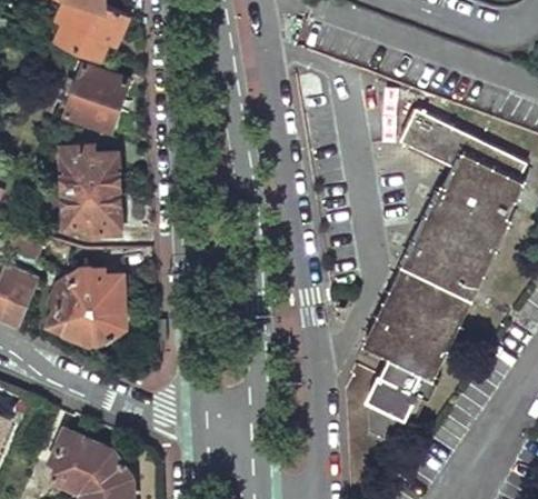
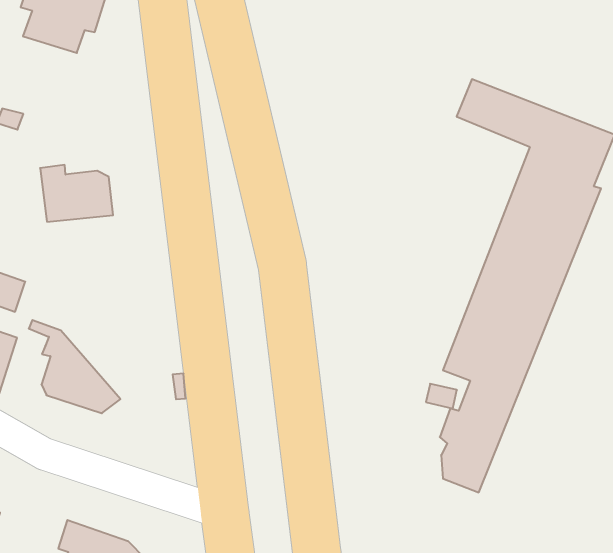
building: [63,66,128,134] -> none
building: [66,191,120,238] -> none
building: [70,272,126,339] -> none

